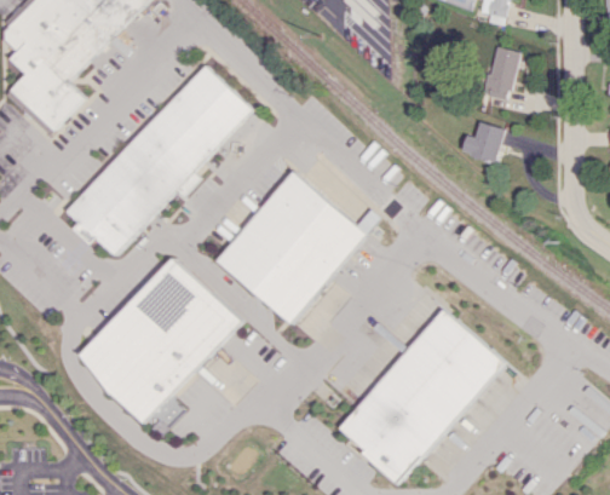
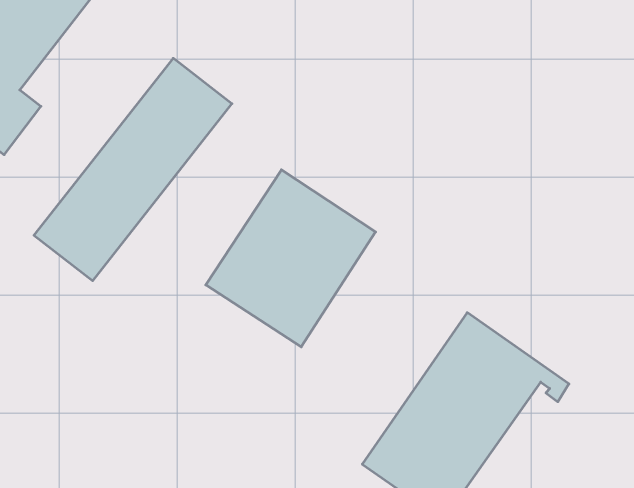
building: [485,47,519,100] -> none
building: [461,122,503,162] -> none
building: [82,258,241,424] -> none

